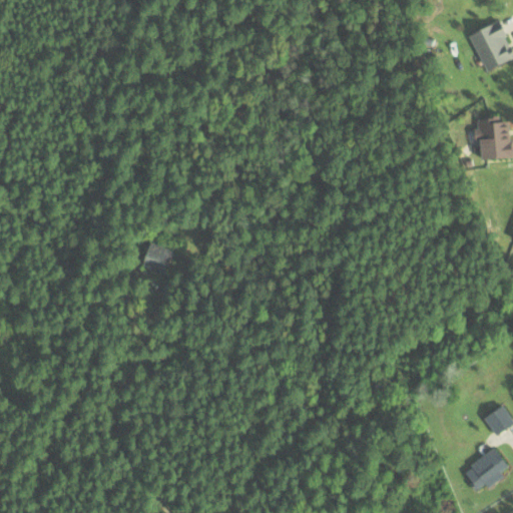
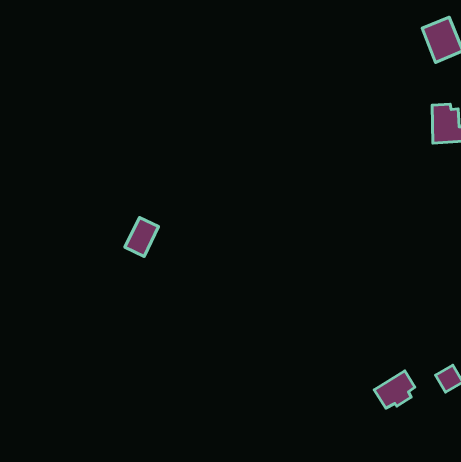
building: [463,449,508,490] -> [374,371,415,408]

